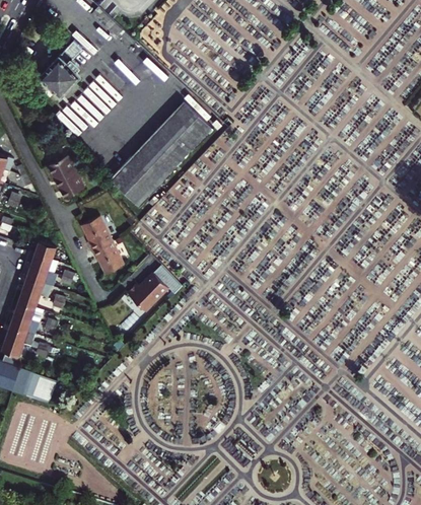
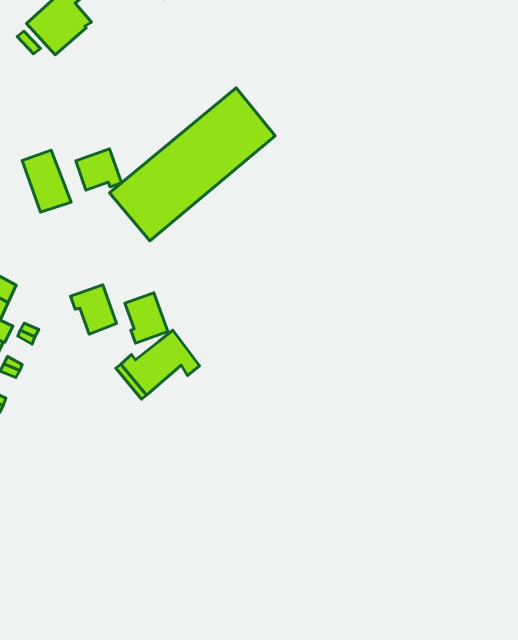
building: none -> [76,149,121,190]
building: [81,215,112,249] -> [125,293,168,343]

